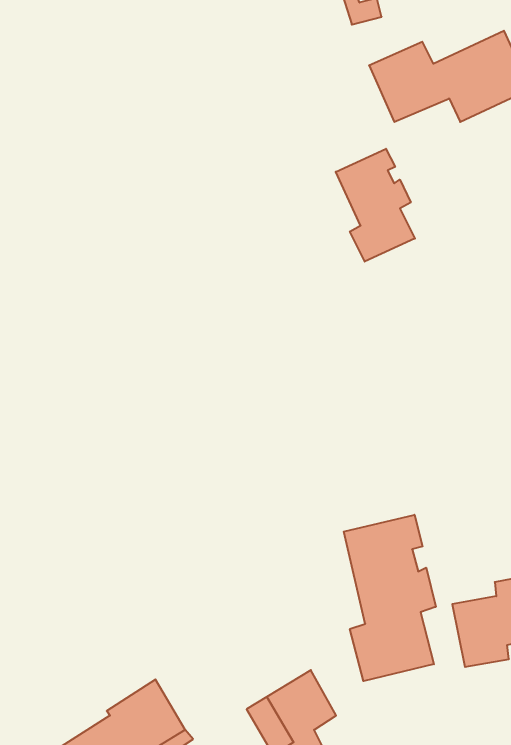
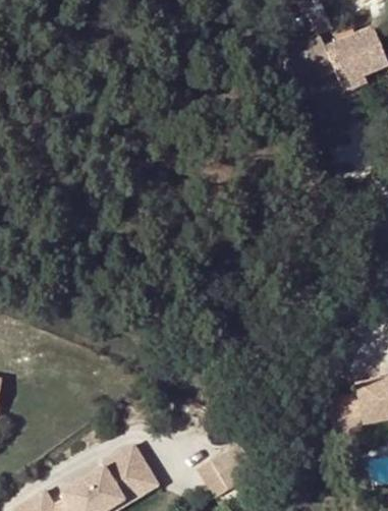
building: [336,149,415,262] -> none
building: [344,515,436,681] -> none

